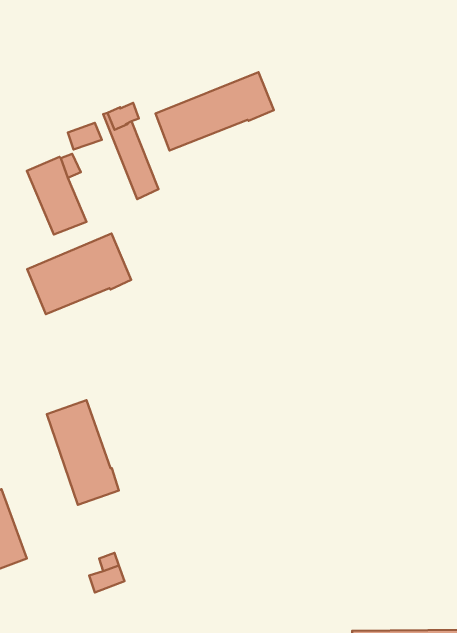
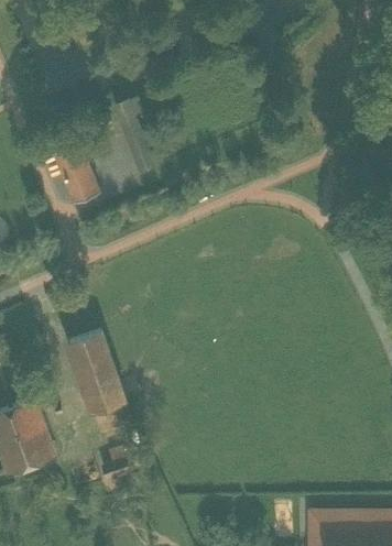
building: [155,72,274,150] -> none
building: [27,234,131,314] -> none

